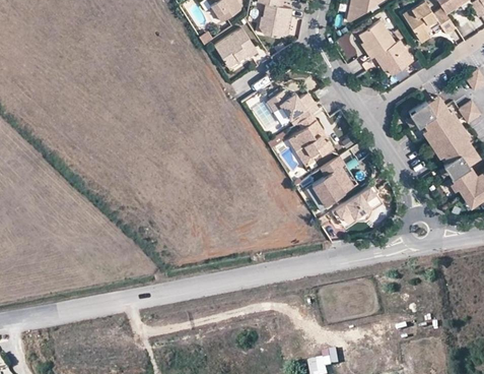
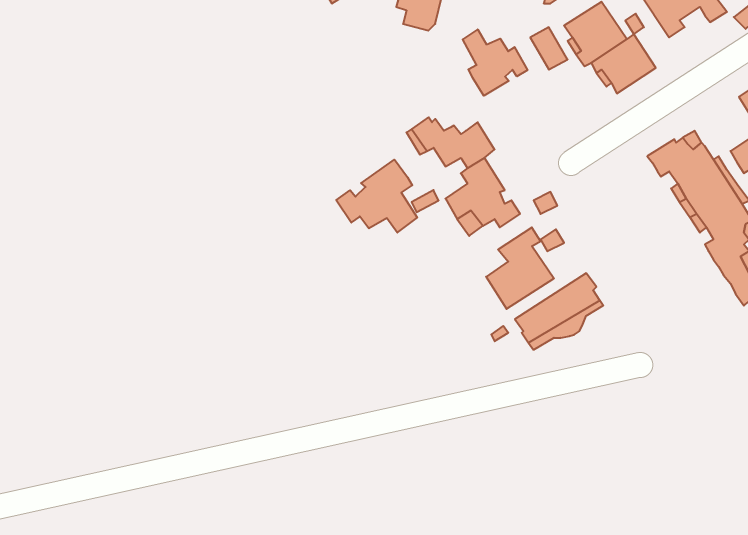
building: [213,27,256,66] -> none
building: none -> [463,29,527,96]
building: none -> [336,160,417,233]

